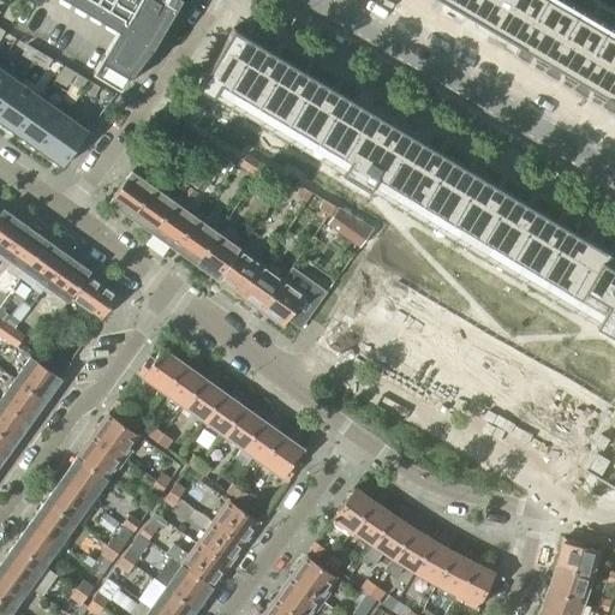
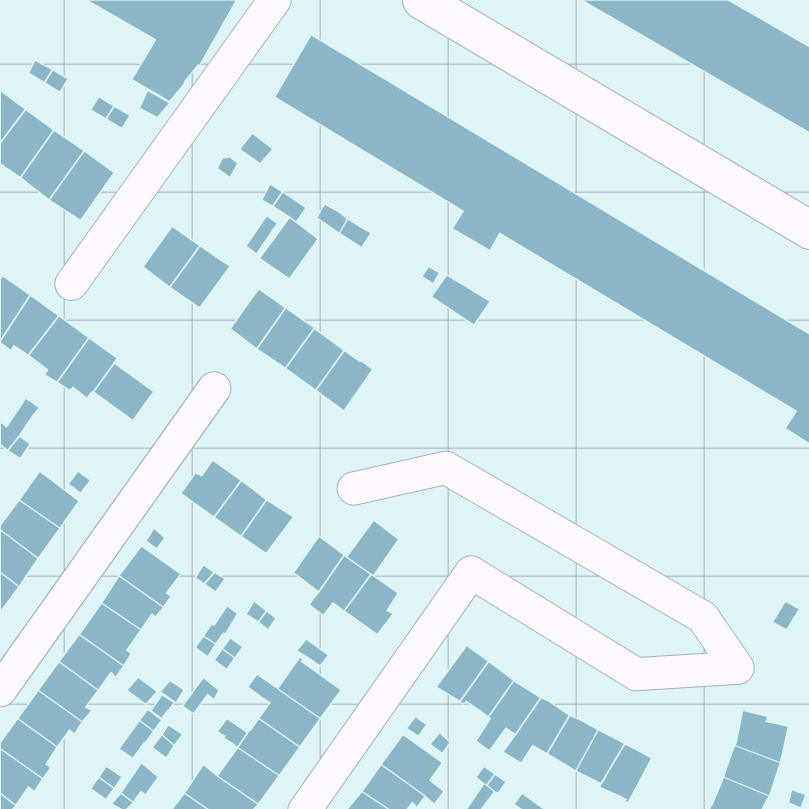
building: [153,203,197,250] -> [259,217,318,279]
building: [262,281,327,330] -> none
building: [203,393,243,435] -> [346,520,399,576]

